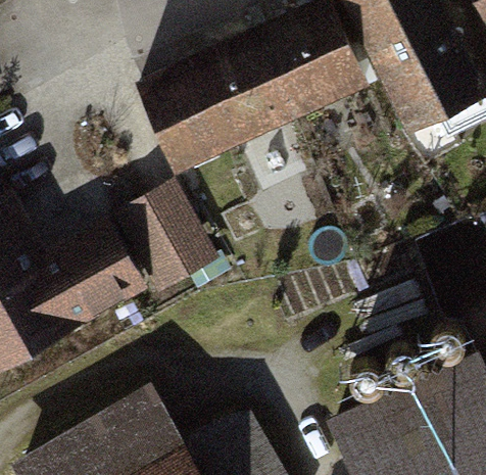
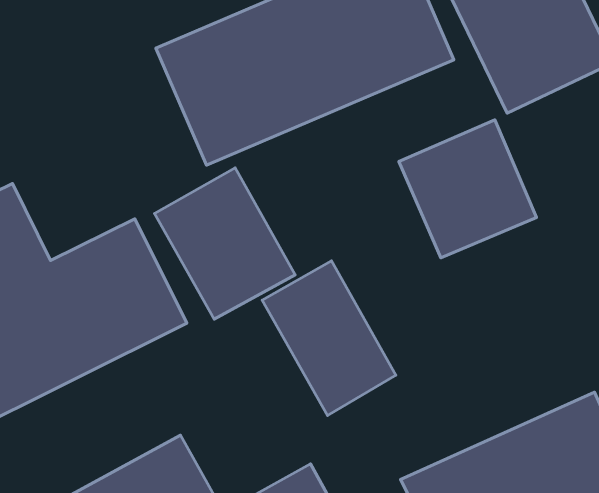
building: none -> [399,120,536,258]
building: none -> [262,261,396,415]

